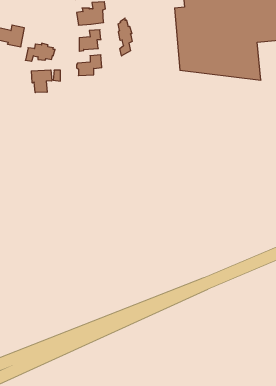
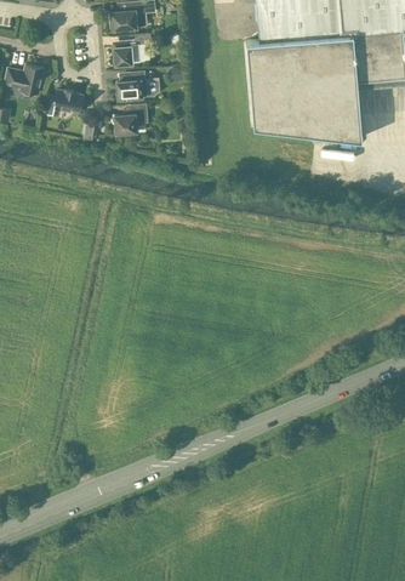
building: [118,18,132,56] -> none
building: [31,70,52,93] -> none

